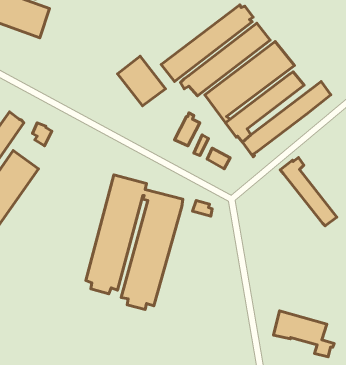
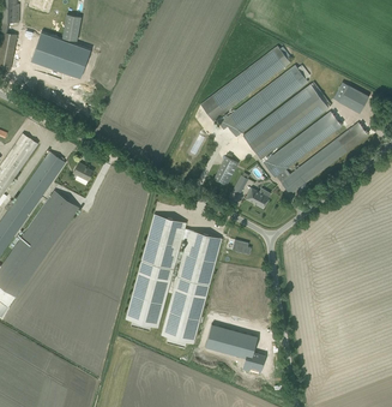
building: none -> [333,82,368,113]
building: [118,56,165,106] -> none
building: [280,157,337,226] -> none
building: [273,311,334,357] -> [205,323,265,369]

